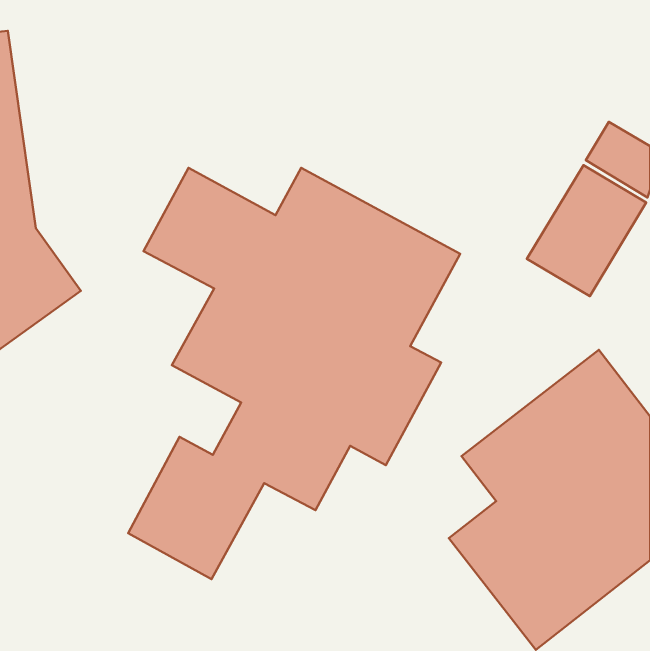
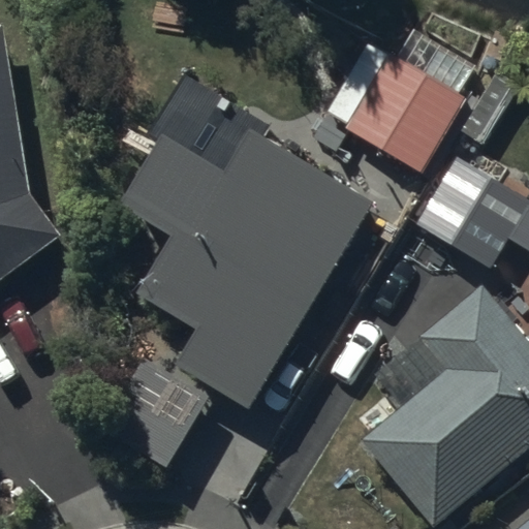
building: none -> [325,40,469,175]

